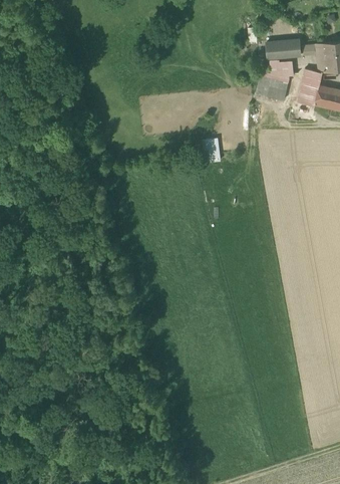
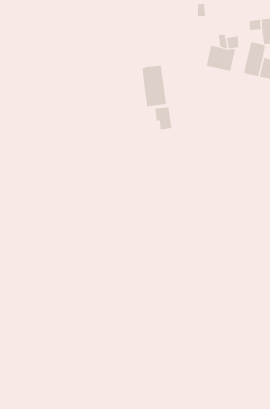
building: [267,38,301,57] -> none
building: none -> [142,65,166,107]

